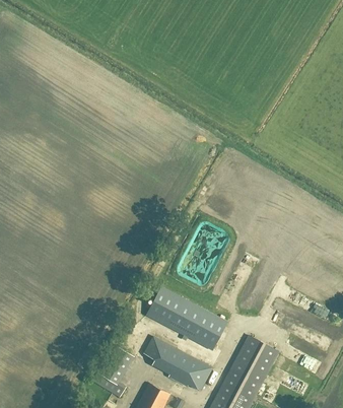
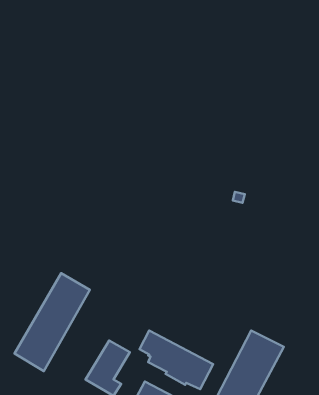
building: none -> [15,273,90,371]
building: [146,285,228,351] -> none

